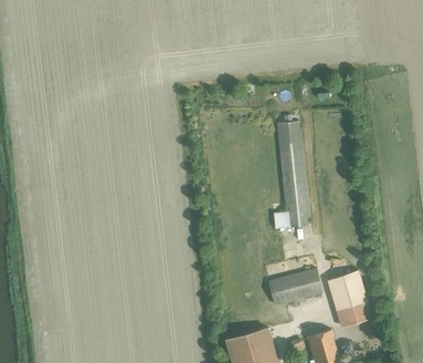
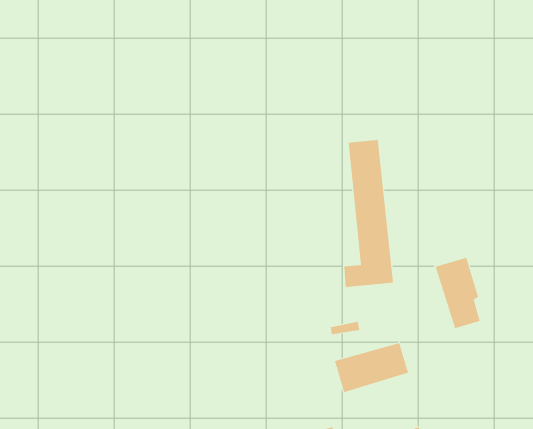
building: [327,273,360,325] -> [435,257,480,329]

